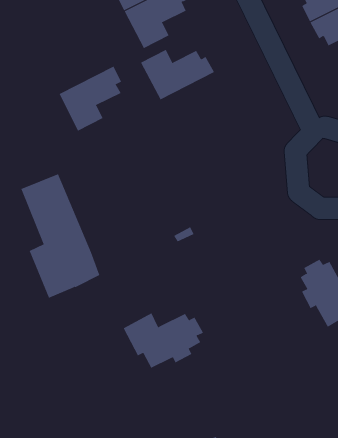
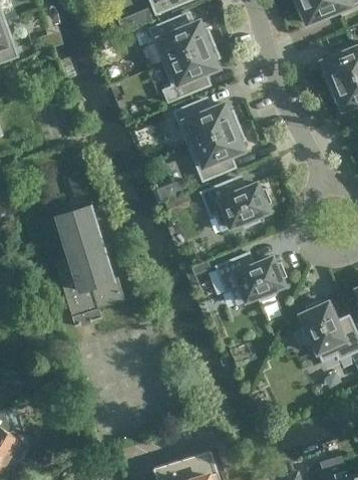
building: [59,66,122,131] -> [189,125,246,181]
building: none -> [201,181,272,231]
building: [123,313,204,369] -> [216,254,288,304]

